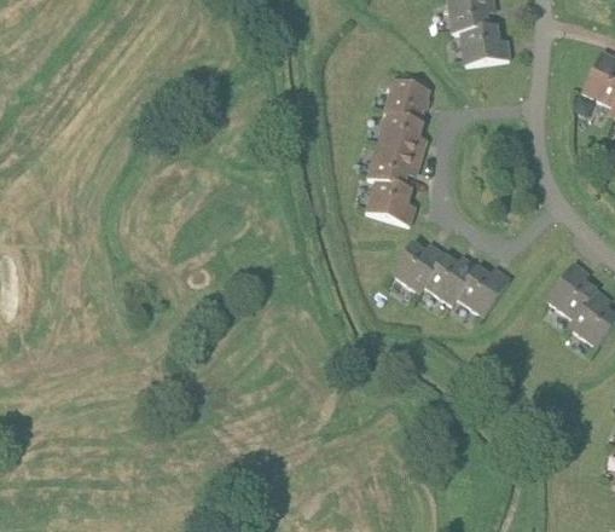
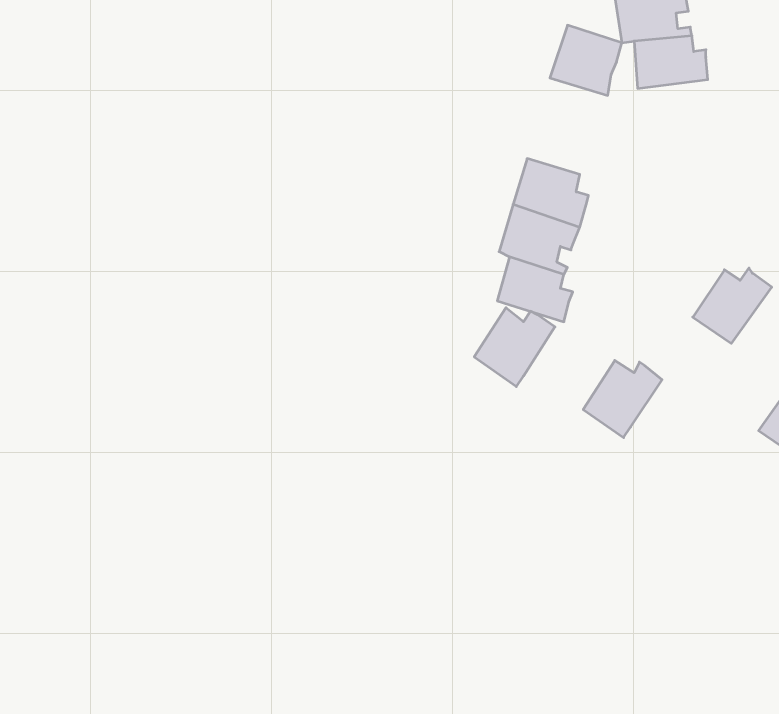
building: [382,76,431,125] -> [550,25,622,95]
building: [390,239,446,294] -> [474,308,555,387]
building: [457,265,511,317] -> [693,268,772,343]

